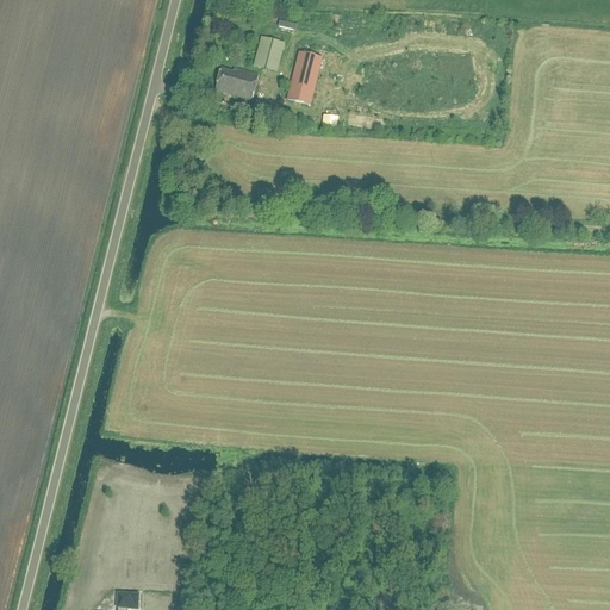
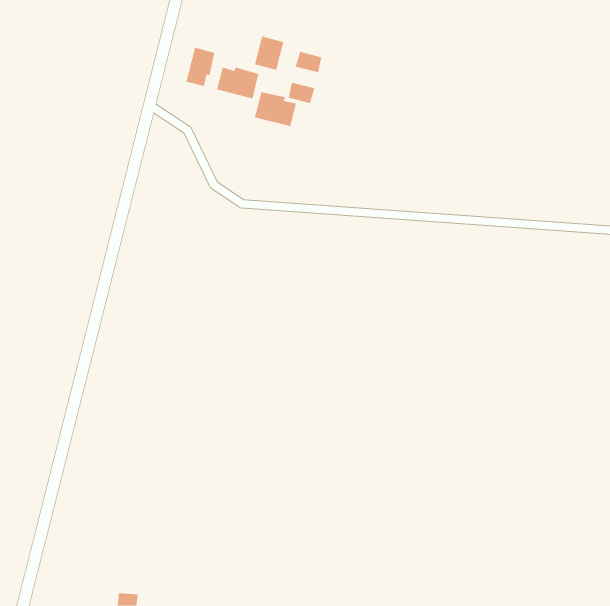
building: none -> [186,47,215,87]
building: none -> [254,92,297,127]

